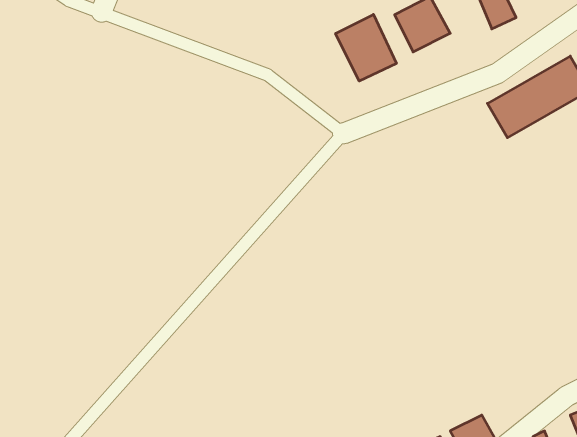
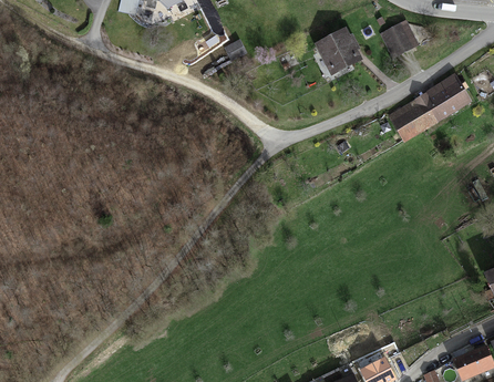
building: [336,14,396,81] -> none

